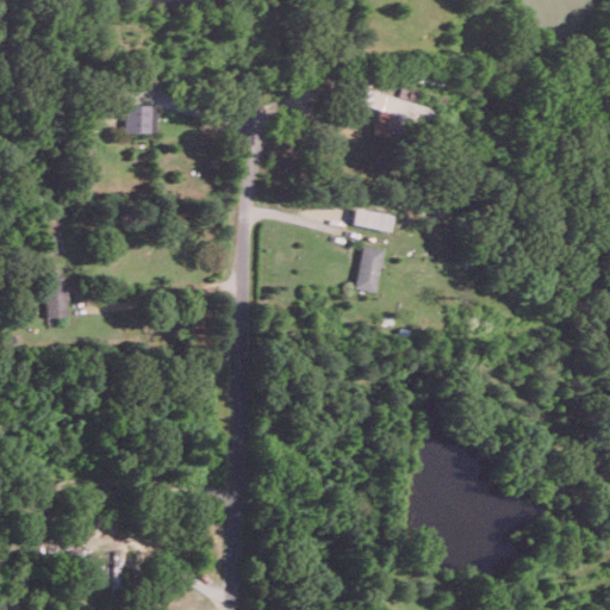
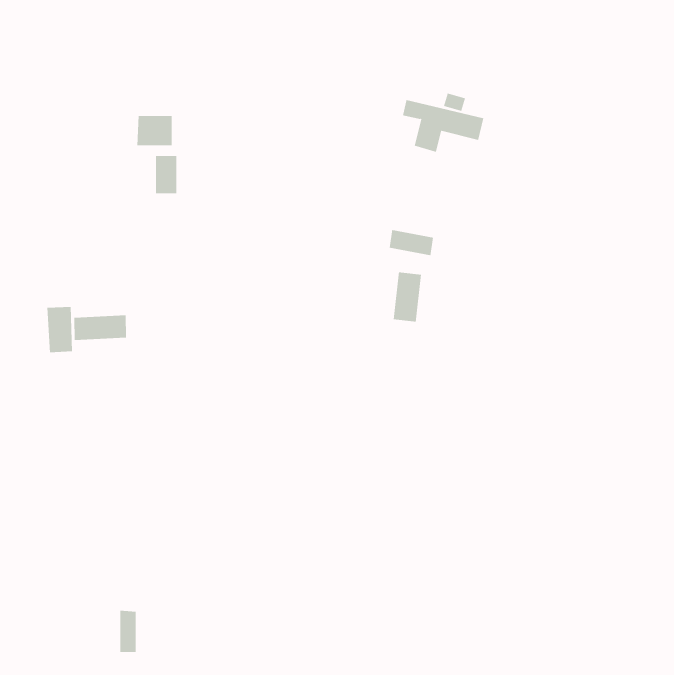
building: none -> [156,155,177,194]
building: none -> [74,315,127,341]

